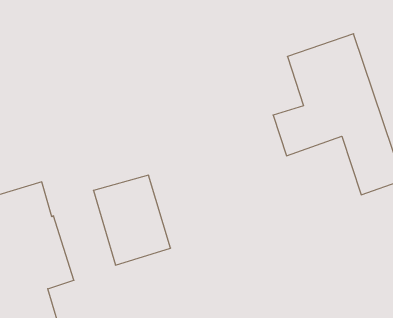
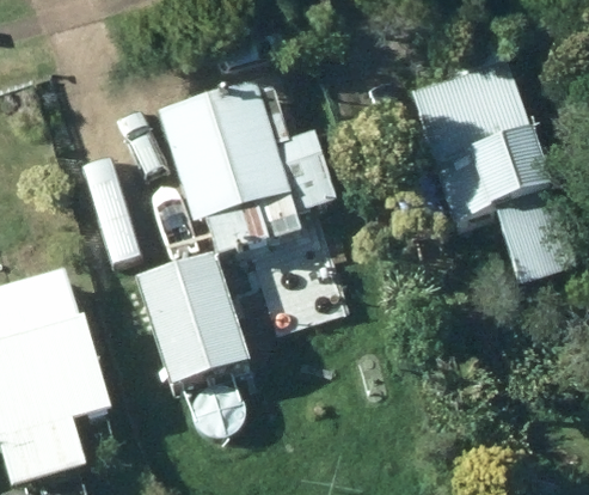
building: none -> [157,78,336,255]

